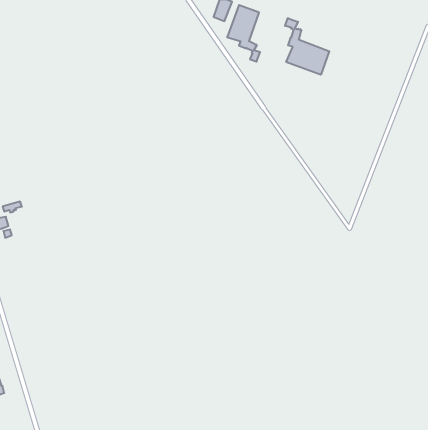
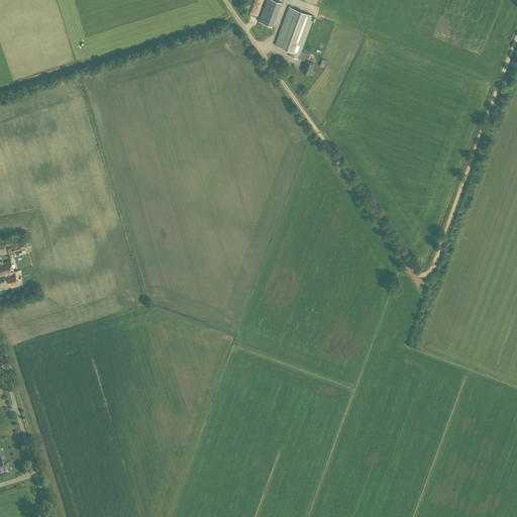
building: [285,18,329,75] -> none

